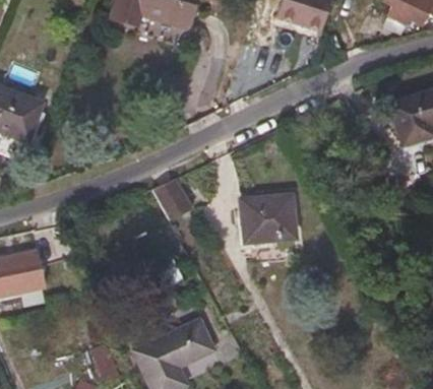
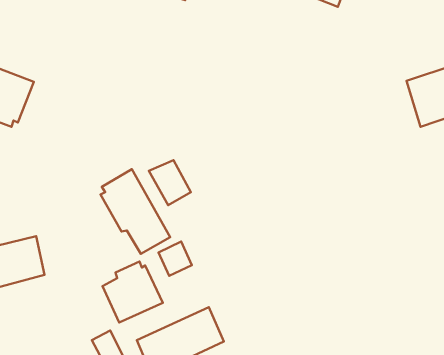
building: none -> [100,169,170,254]
building: [234,196,291,243] -> none
building: none -> [103,262,163,323]

